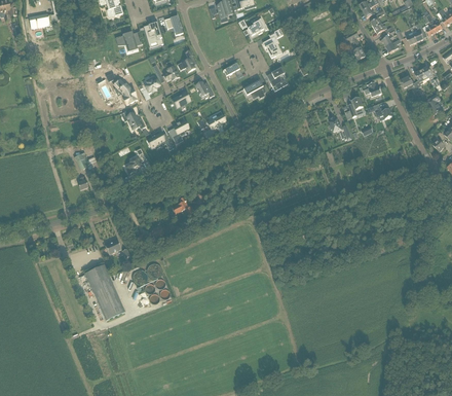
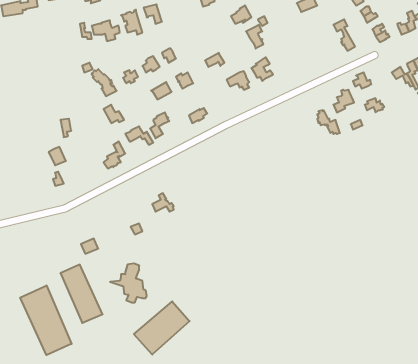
building: none -> [20,285,72,355]
building: none -> [134,301,190,355]

